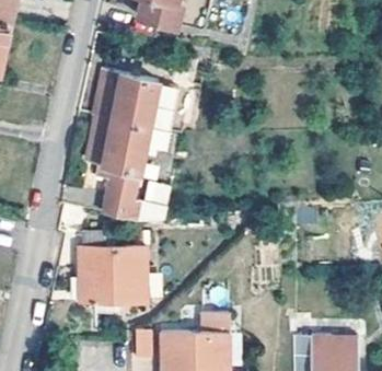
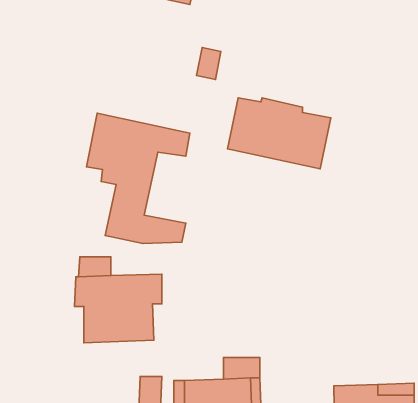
building: [96,74,181,132] -> [227,98,331,169]

